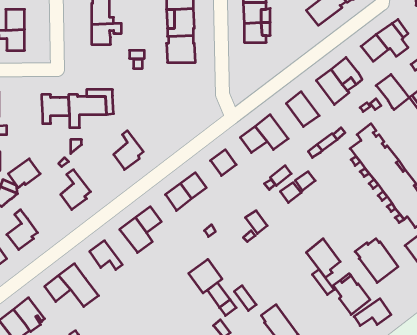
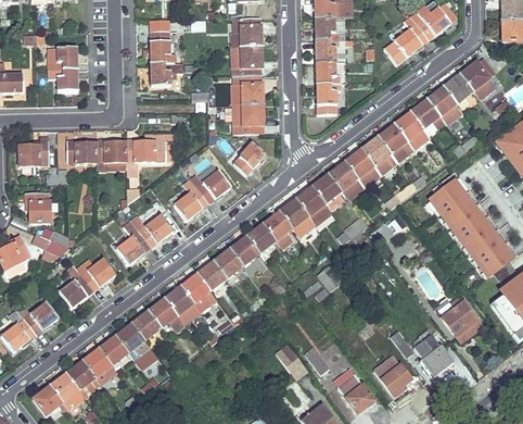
building: none -> [316,83,340,114]
building: none -> [232,104,263,134]
building: [376,74,409,110] -> [426,87,462,125]
building: none -> [378,124,413,162]
building: none -> [66,139,97,163]
building: none -> [232,141,265,175]
building: none -> [344,149,380,187]
building: none -> [189,170,230,201]
building: none -> [295,186,331,224]
building: [8,159,40,188] -> [80,258,115,289]
building: none -> [263,211,292,248]
building: none -> [130,214,173,245]
building: none -> [214,248,242,277]
building: none -> [164,286,200,324]
building: [306,239,340,278] -> [373,353,410,396]
building: none -> [131,310,160,339]
building: [189,259,222,293] -> none
building: none -> [81,348,117,385]

